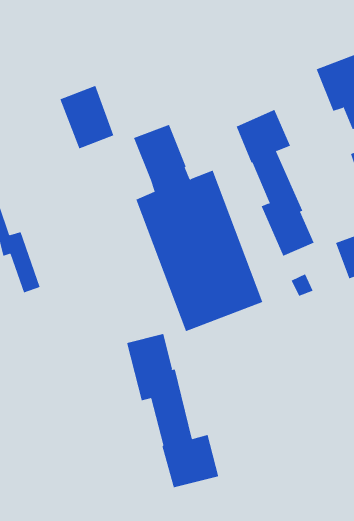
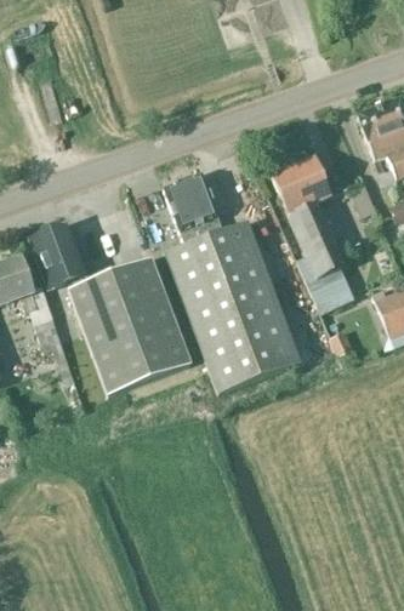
building: [59,85,114,149] -> [27,222,85,290]
building: none -> [67,258,189,395]
building: [127,333,219,488] -> none

